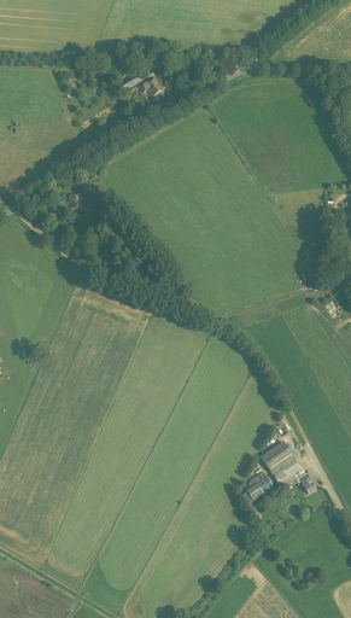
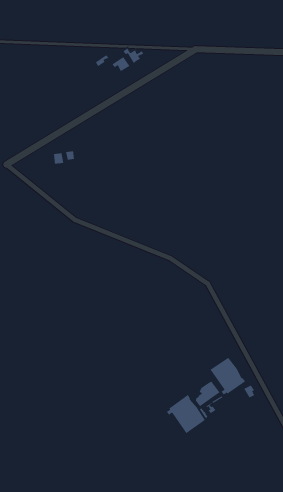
building: none -> [166,394,206,434]

